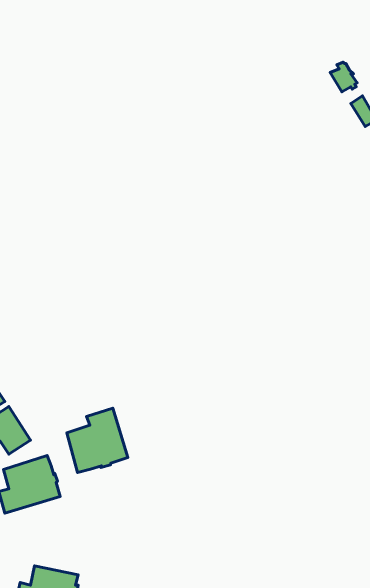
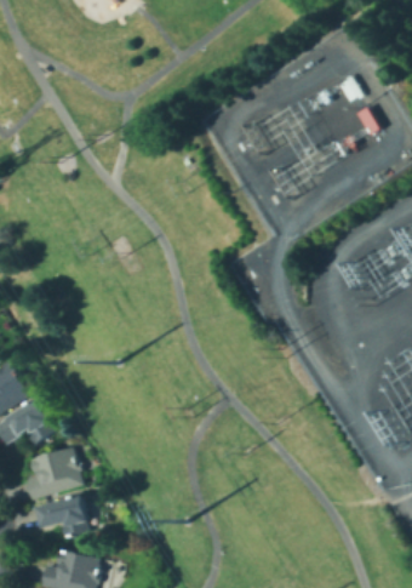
building: [67,408,128,472] -> none
building: none -> [35,496,91,538]

